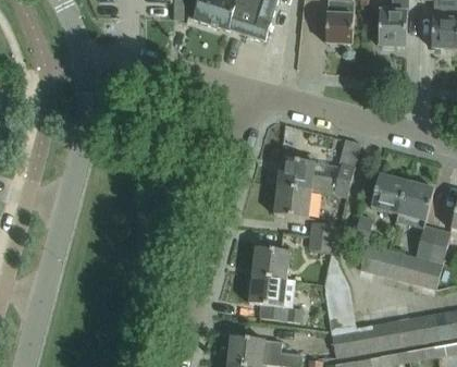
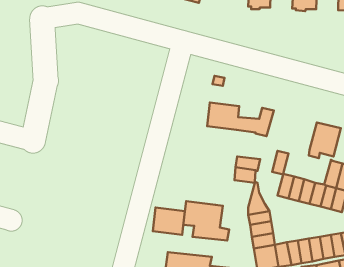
building: [371,173,407,213] -> none
building: [273,185,311,217] -> none
building: [251,246,289,279] -> [153,207,185,235]

